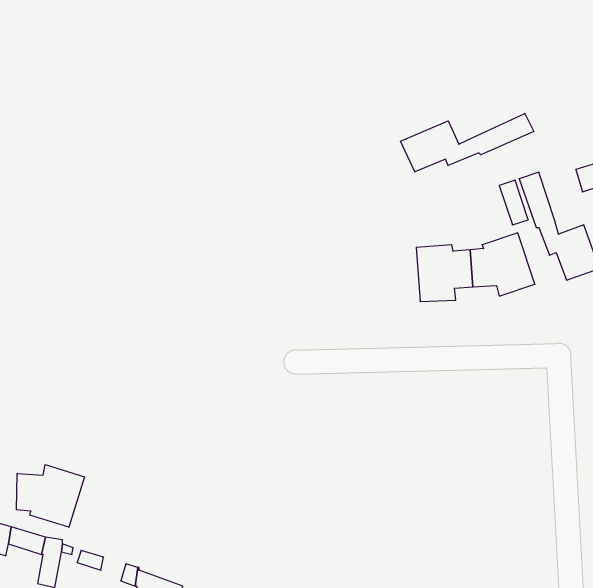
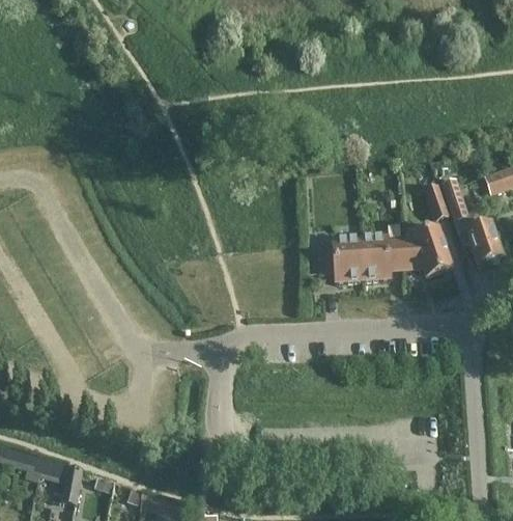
building: [400,113,534,172] -> none
building: none -> [318,238,363,282]
building: [17,465,85,527] -> none

